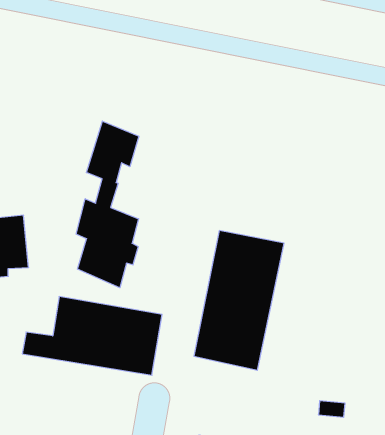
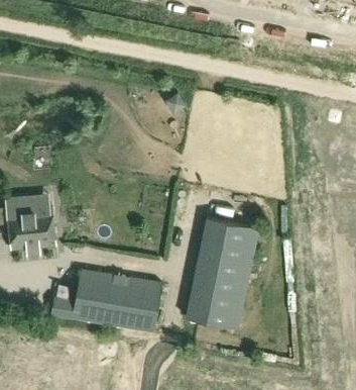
building: [76,121,139,288] -> none

